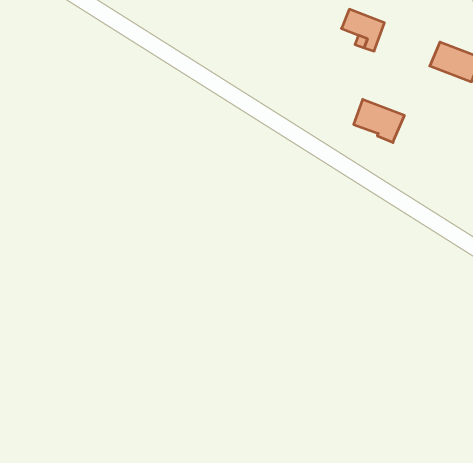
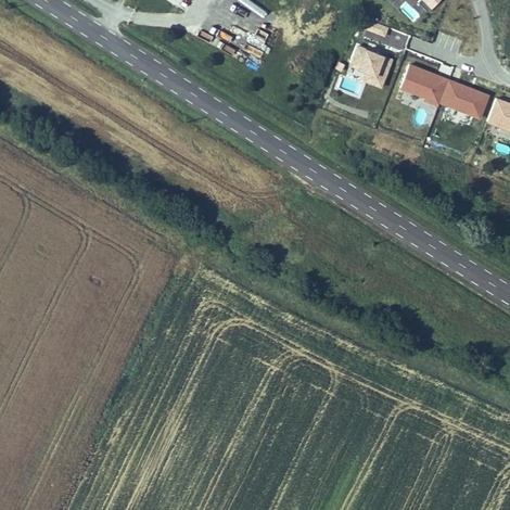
building: [354,99,404,143] -> [400,64,449,105]

